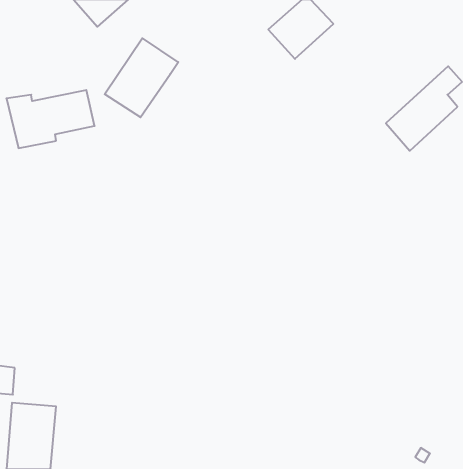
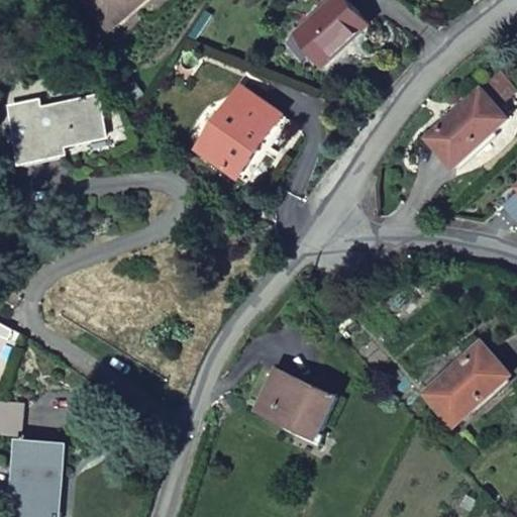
building: [105,38,178,117] -> [198,90,279,177]
building: none -> [424,342,504,420]
building: none -> [253,367,334,432]

